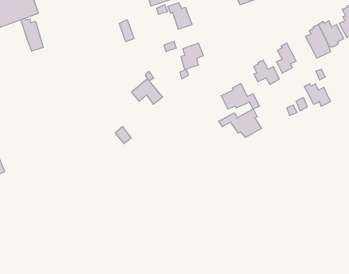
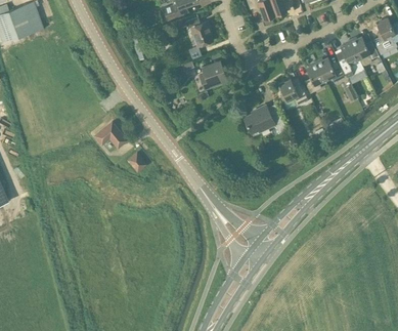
building: [21,18,43,51] -> none
building: [132,79,163,104] -> [94,120,128,148]
building: [304,84,331,106] -> [315,57,344,82]
building: [219,109,262,138] -> none

